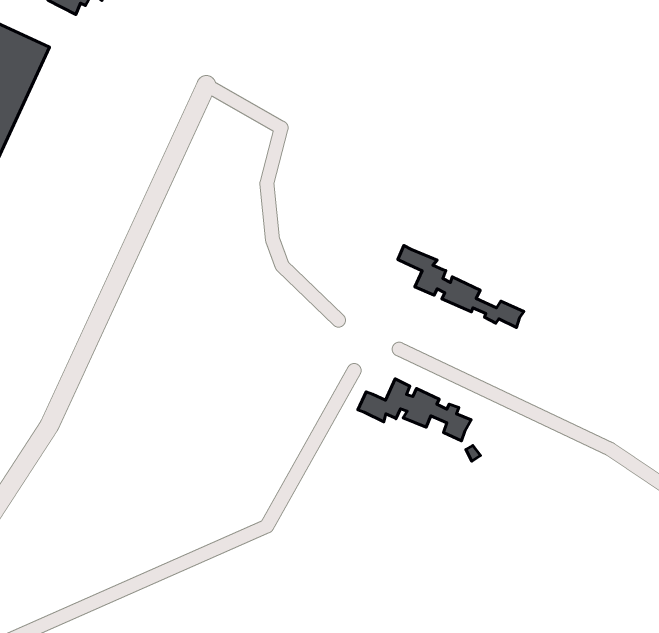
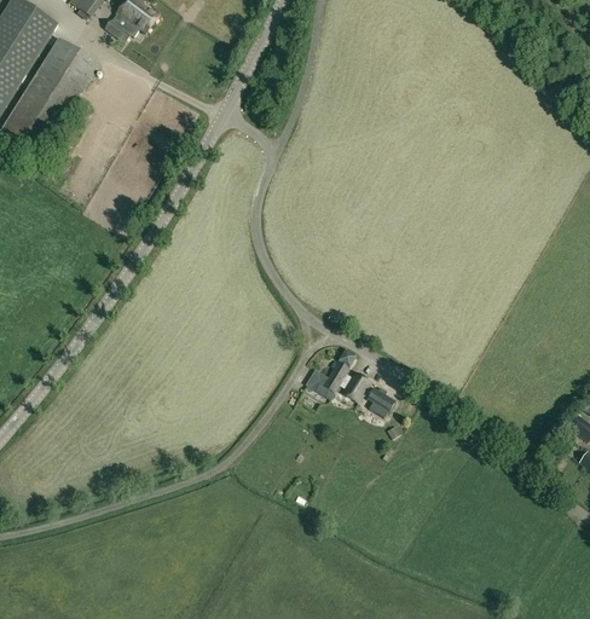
building: [398,245,524,328] -> none

